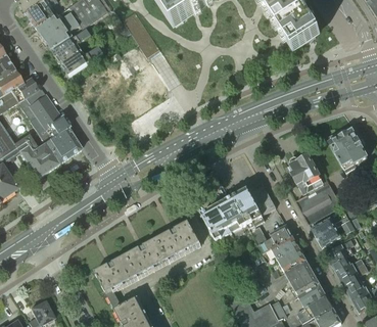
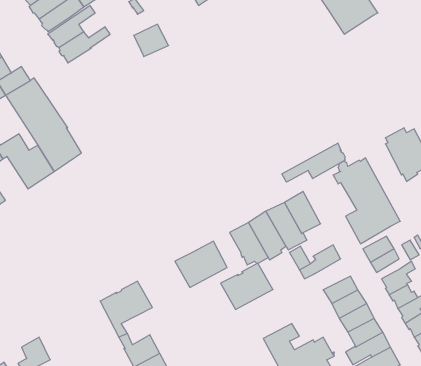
building: none -> [282,143,345,182]
building: [271,235,300,261] -> none
building: [126,237,169,275] -> [221,263,273,309]

